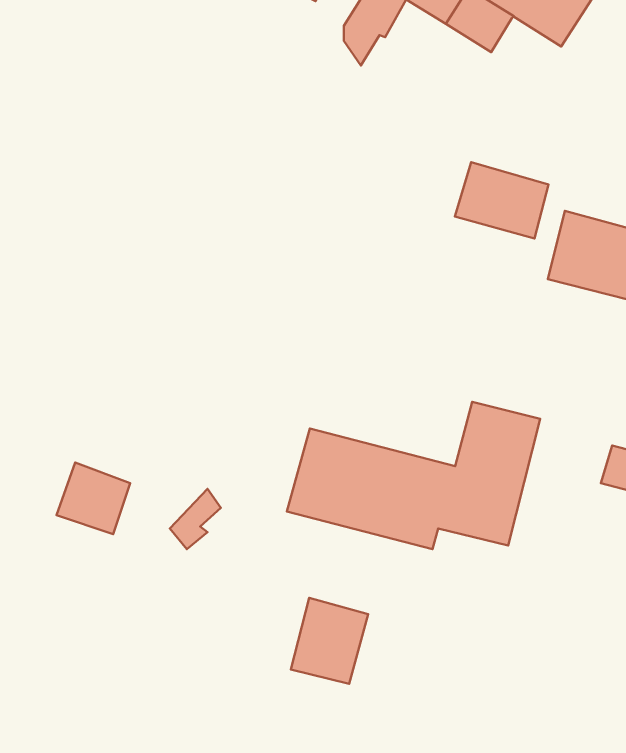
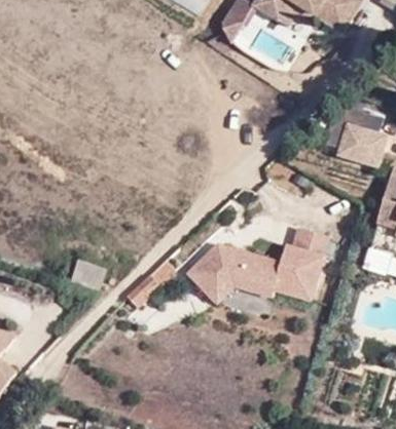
building: [455,162,548,238] -> none
building: [291,598,368,684] -> none

